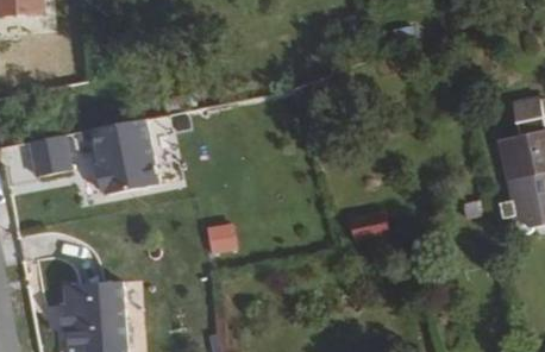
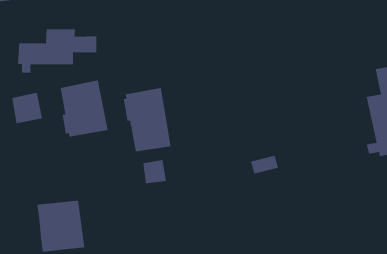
building: none -> [18,29,97,73]
building: none -> [123,87,171,152]

